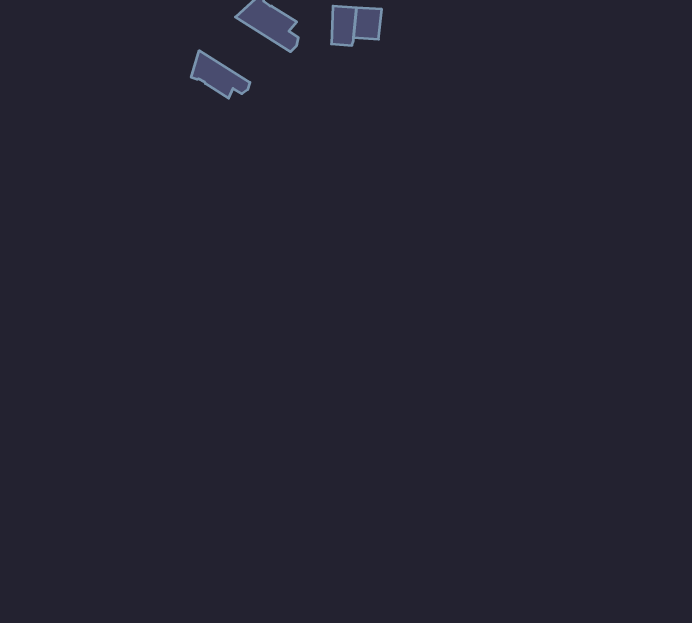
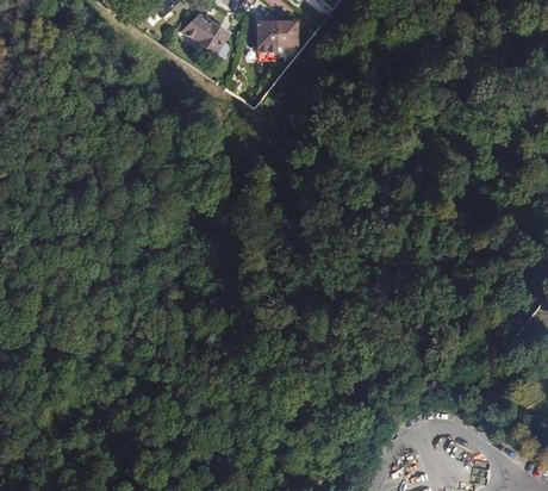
building: [191,51,250,98] -> none

